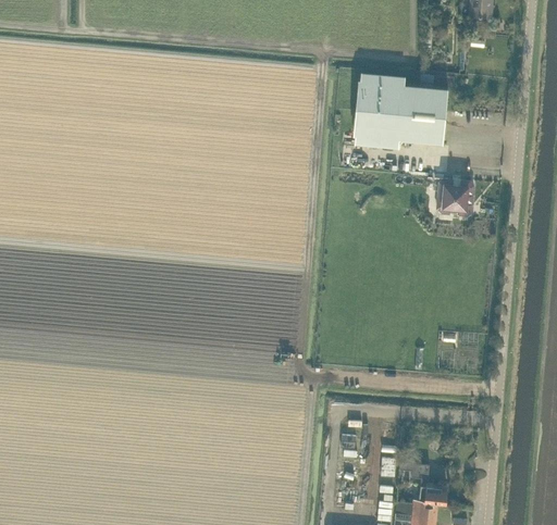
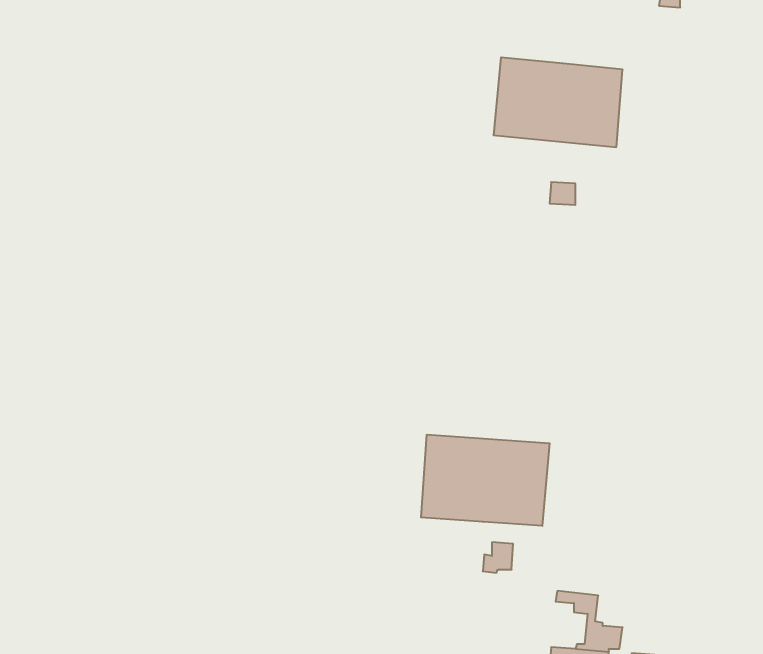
building: [436,180,467,215] -> none
building: none -> [421,435,550,526]

